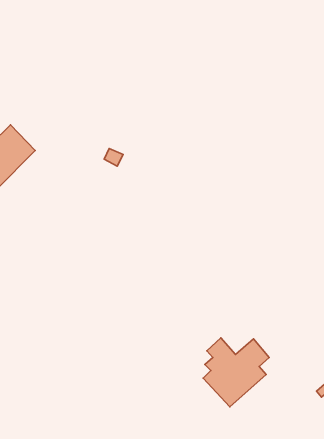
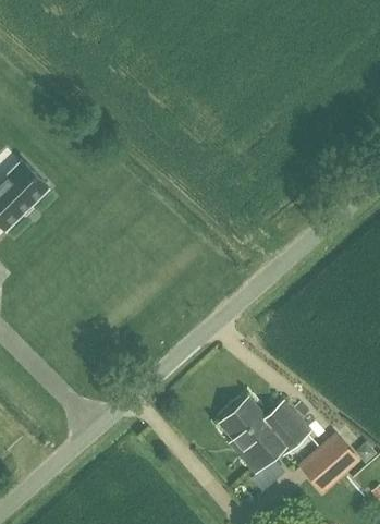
building: none -> [298,437,355,491]

